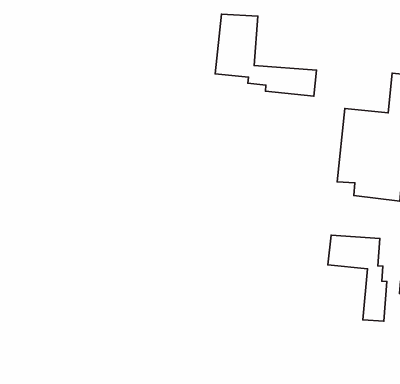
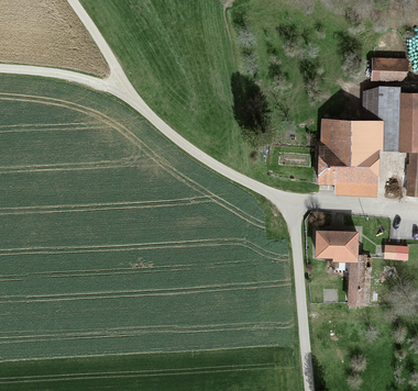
building: [215,14,316,96] -> none

